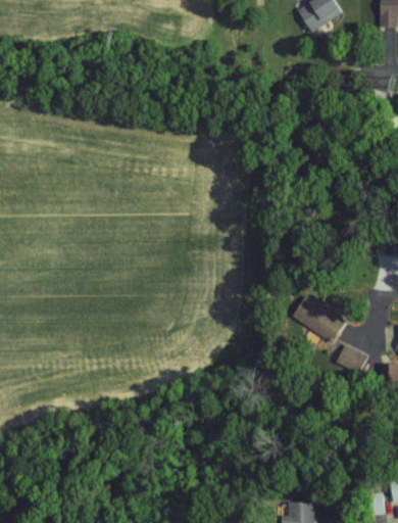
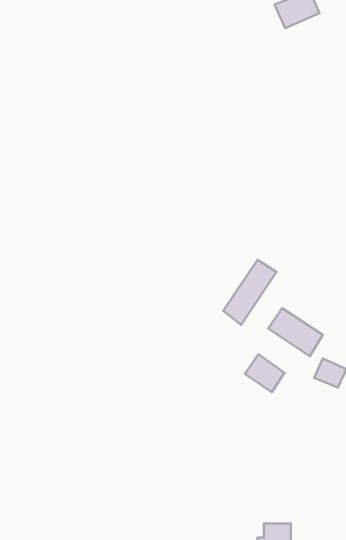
building: none -> [223,260,277,325]
building: none -> [245,354,284,392]

